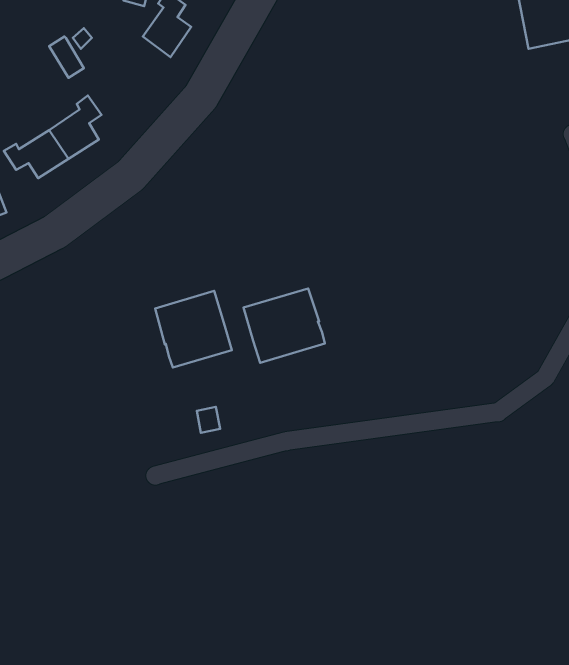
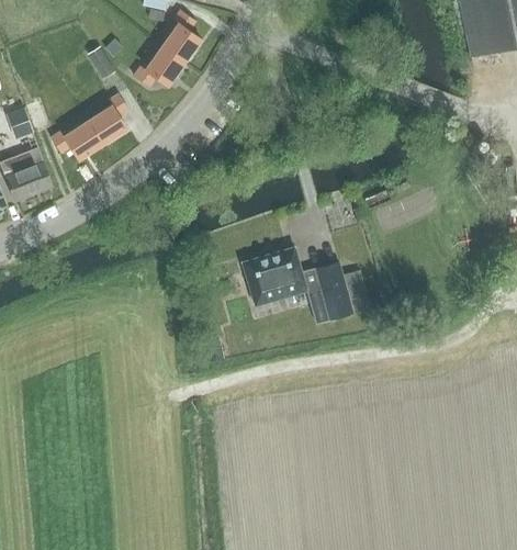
building: none -> [133,46,183,87]
building: [155,291,232,368] -> none
building: none -> [313,262,353,321]

